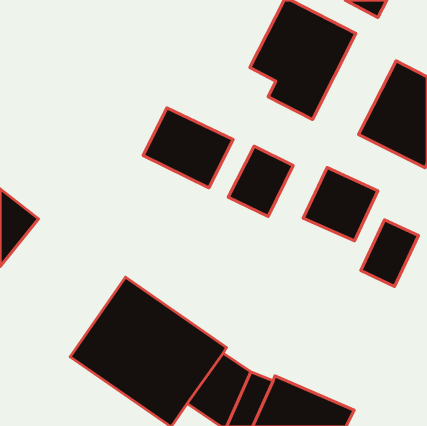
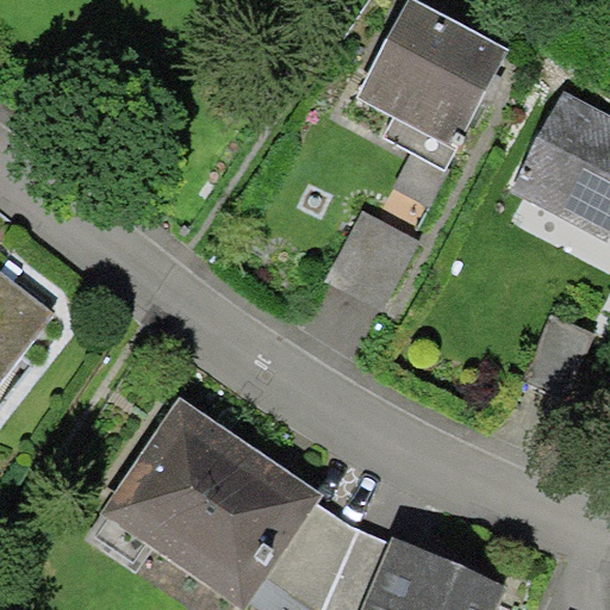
building: [143,108,233,188] -> none
building: [303,167,378,241] -> none

